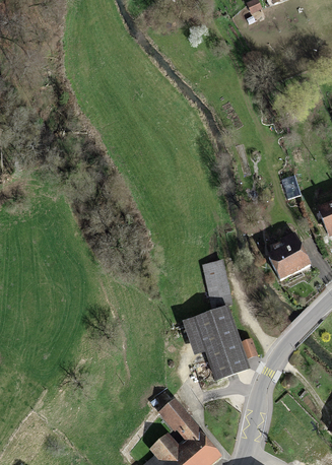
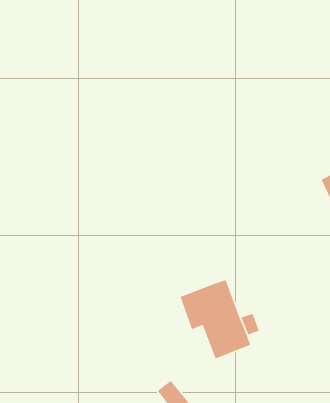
building: [267,233,311,279] -> none
building: [205,259,234,305] -> none

